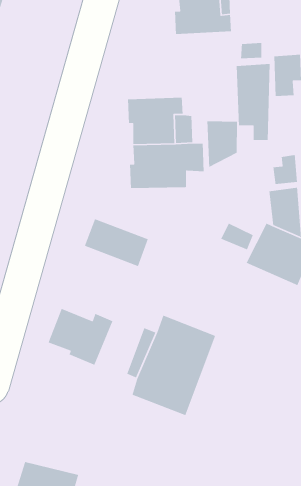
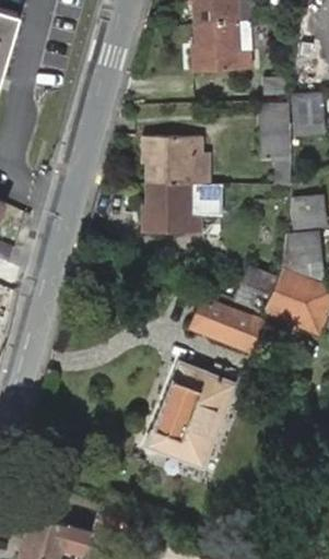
building: [207,121,238,168] -> none
building: [84,218,149,267] -> [193,297,261,348]
building: [47,308,114,366] -> none

